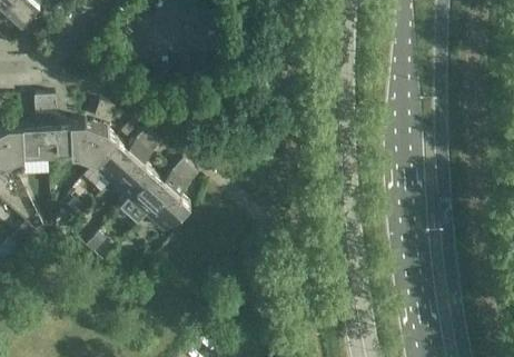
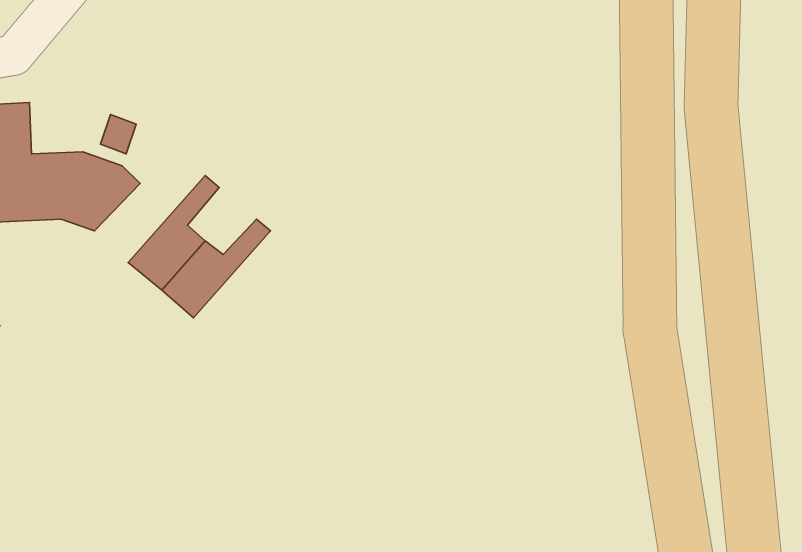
building: [91,128,154,185] -> none
building: [147,167,198,232] -> none

